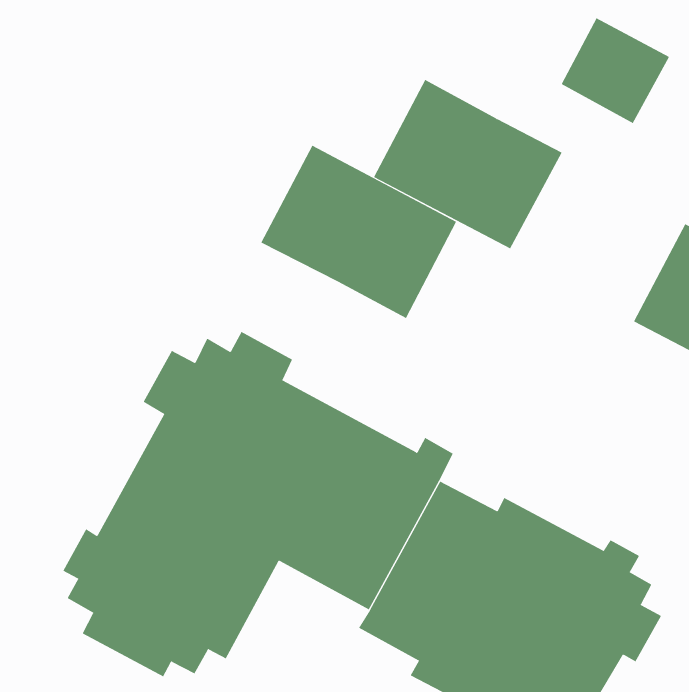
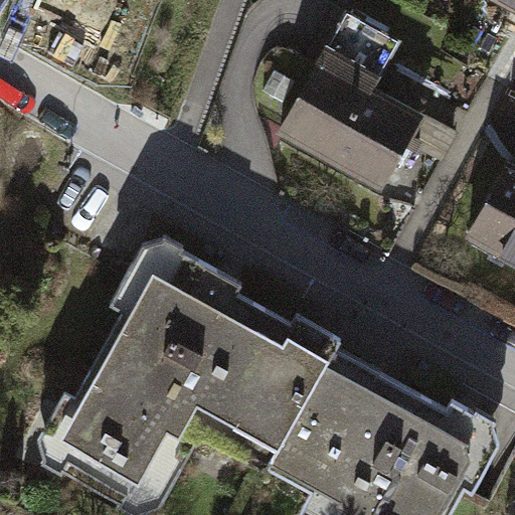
building: [561,17,670,124] -> [319,12,399,91]
building: [260,145,457,319] -> none

